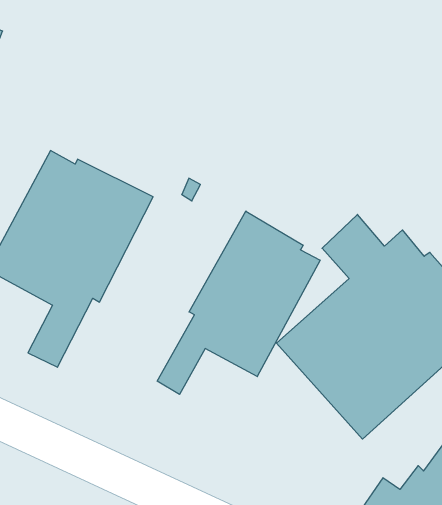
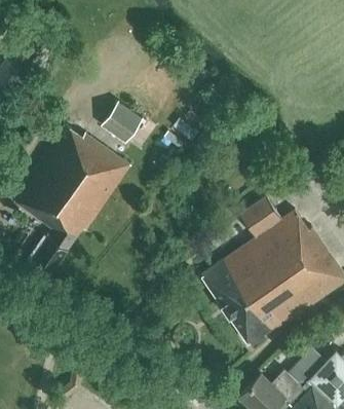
building: none -> [103,101,144,142]
building: [157,211,320,394] -> none

